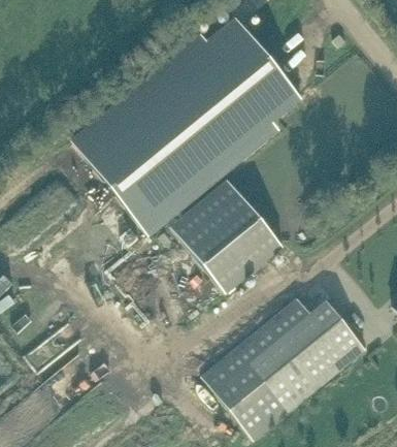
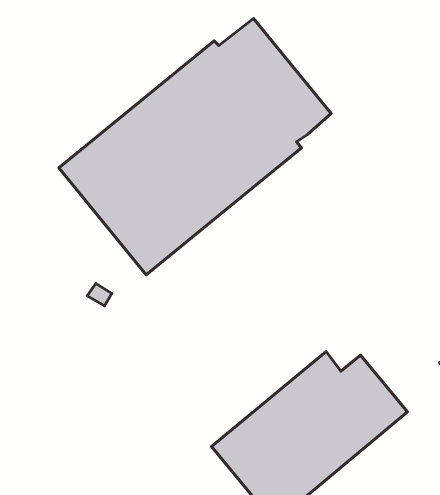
building: [171,179,285,293] -> none

